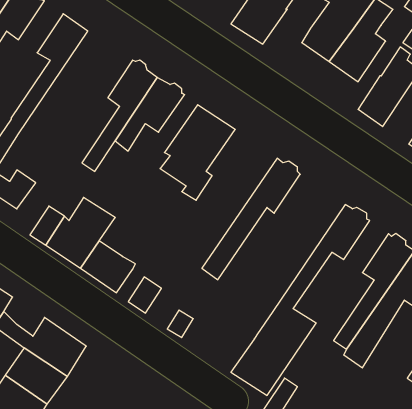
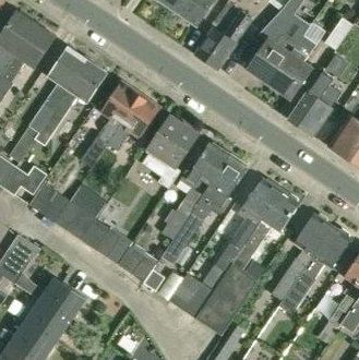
building: none -> [34,60,106,144]
building: none -> [161,143,229,239]
building: none -> [216,178,280,272]
building: none -> [169,272,214,317]

